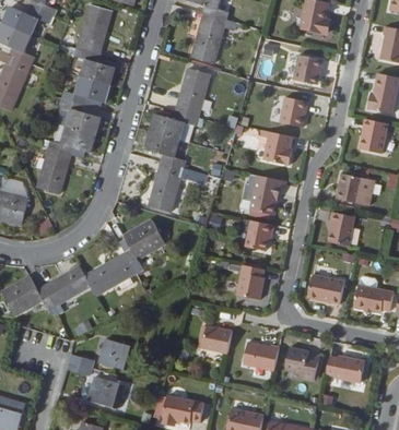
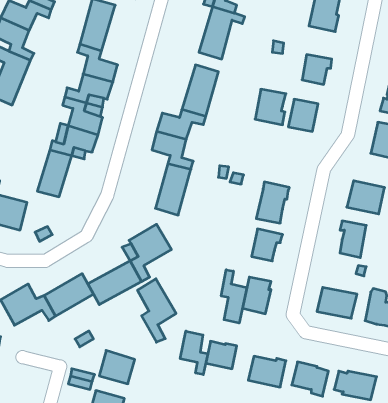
building: [262,133,292,167] -> [255,89,286,125]
building: none -> [221,270,247,323]
building: none -> [138,279,176,342]
building: none -> [180,331,208,375]

